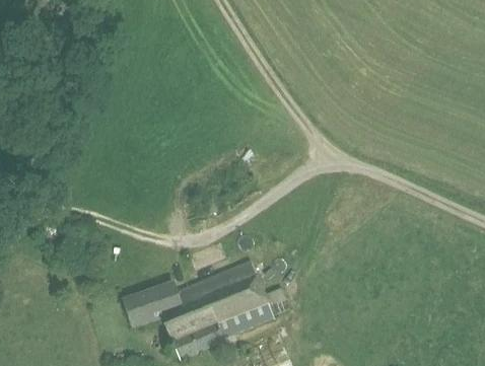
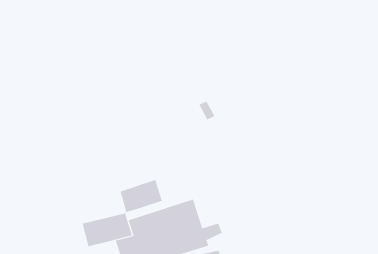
building: none -> [120,179,163,213]

